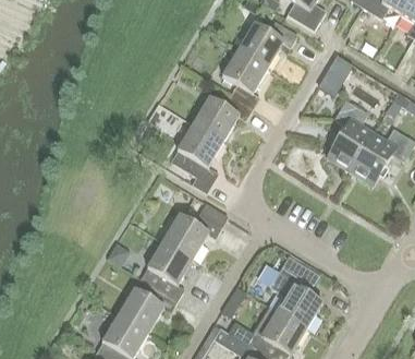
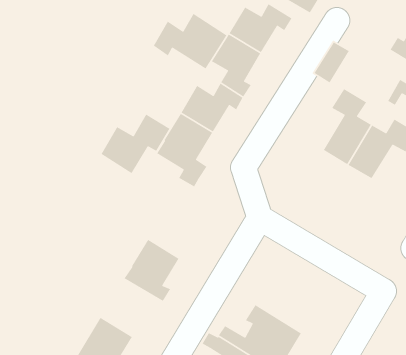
building: none -> [153,13,227,69]
building: [162,203,228,260] -> [100,113,170,174]
building: [263,258,321,330] -> none
building: [118,278,176,333] -> none

